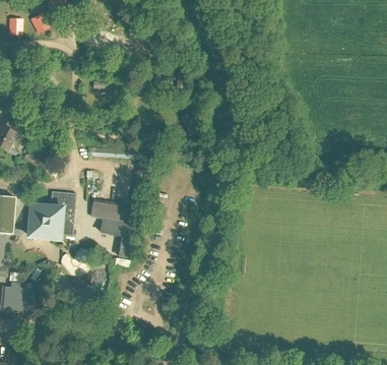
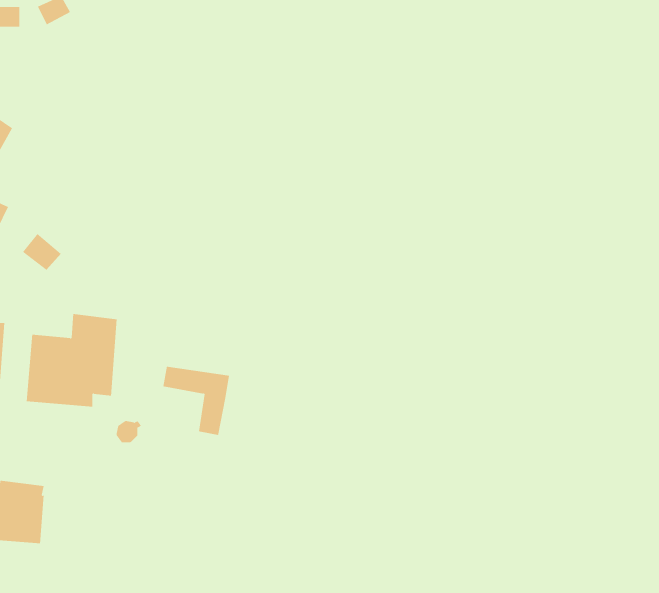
building: [89,197,132,221] -> none

